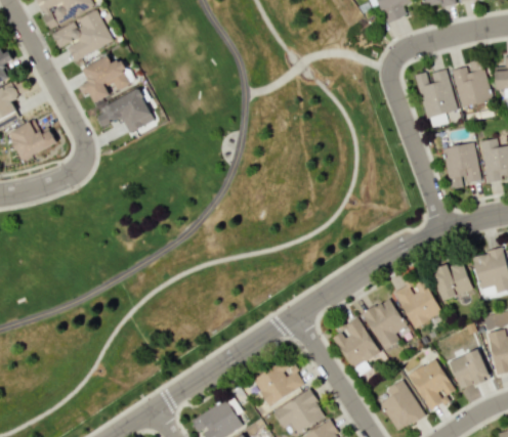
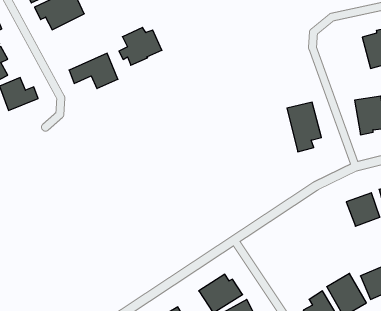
building: [79,56,131,102] -> [119,27,162,65]
building: [415,68,457,128] -> [287,102,321,152]
building: [394,279,440,327] -> none
building: [362,297,407,350] -> none
building: [330,317,379,369] -> none

